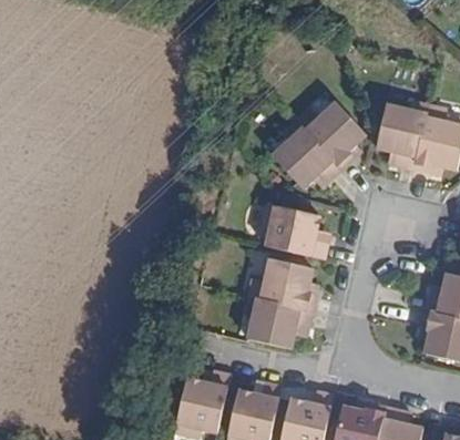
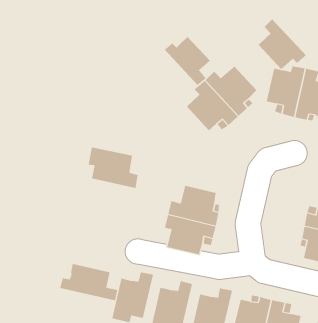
building: none -> [258,18,307,70]
building: none -> [164,36,211,86]
building: [259,205,326,259] -> [88,147,139,189]
building: none -> [60,263,118,301]

